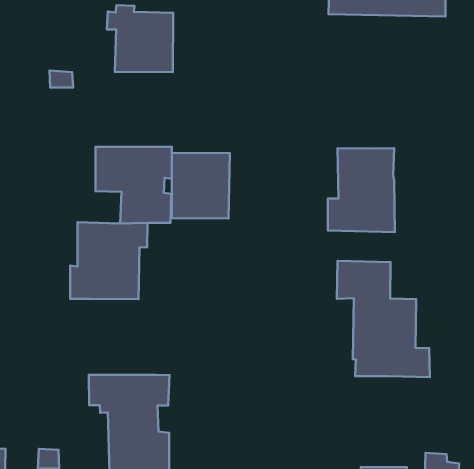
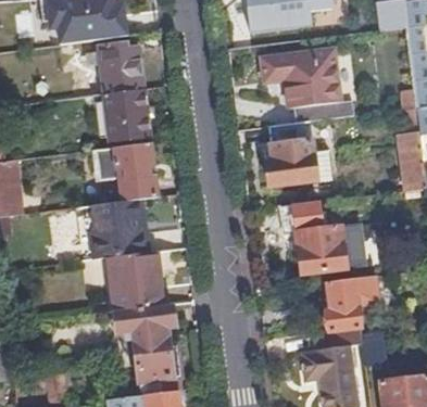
building: none -> [261,48,355,122]
building: [172,153,230,218] -> [103,87,150,139]
building: none -> [108,250,162,310]
building: none -> [327,277,378,332]

